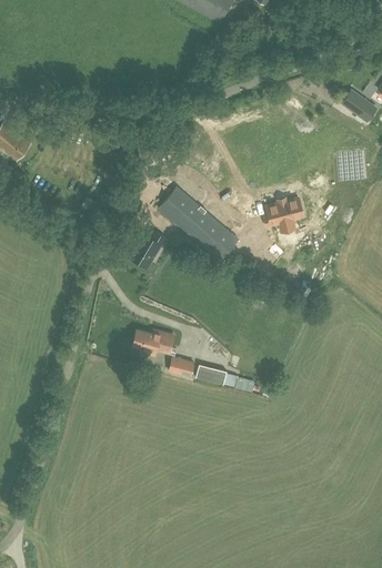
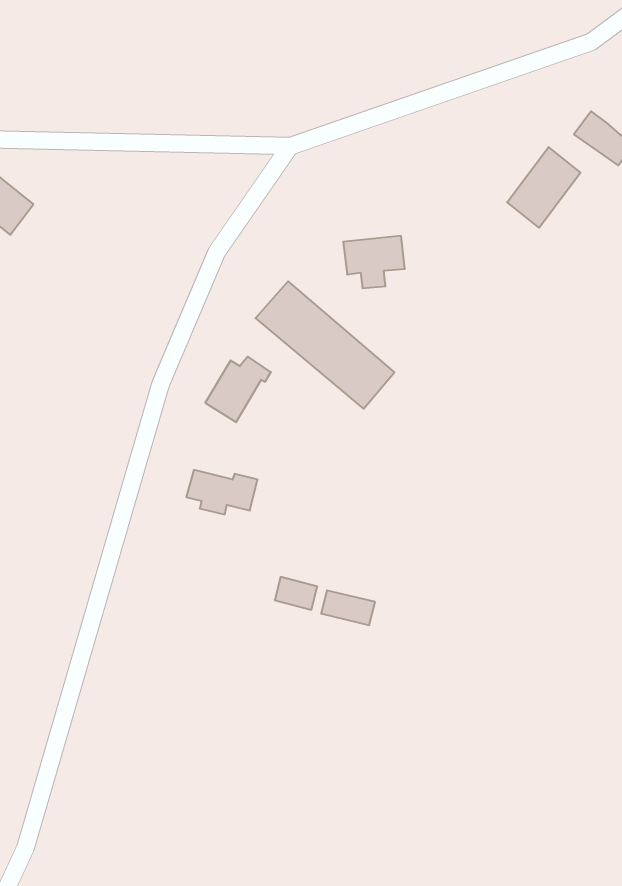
building: none -> [507,147,581,228]
building: [265,197,301,227] -> [343,236,405,288]
building: [133,329,174,355] -> [186,470,258,514]

